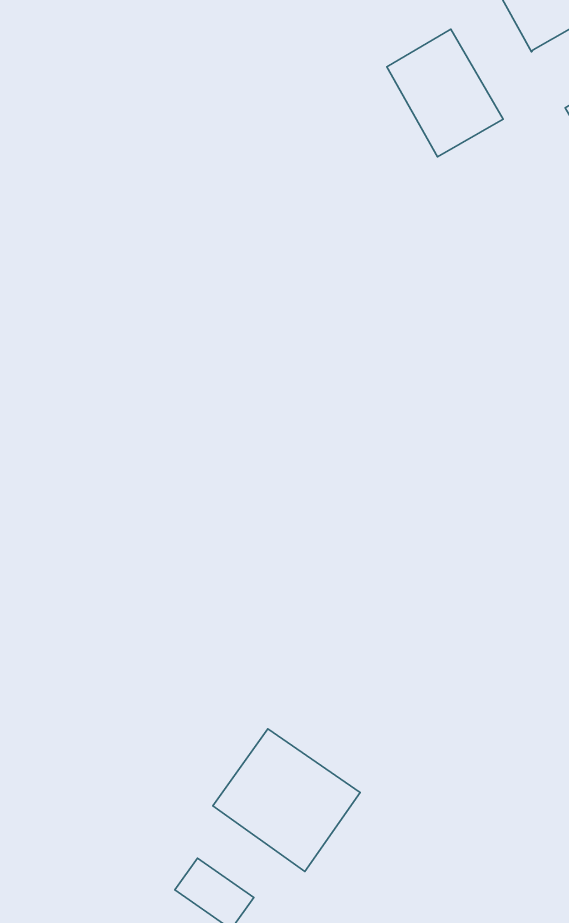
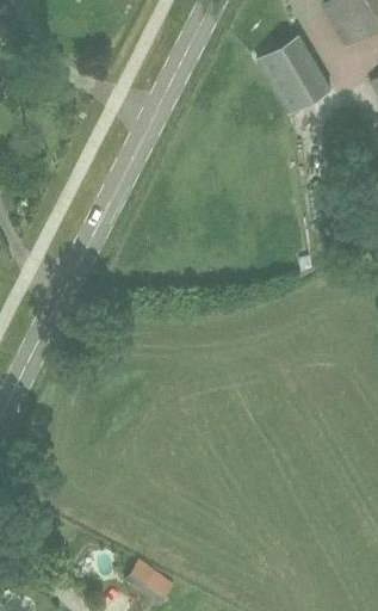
building: [213,729,360,872] -> none

